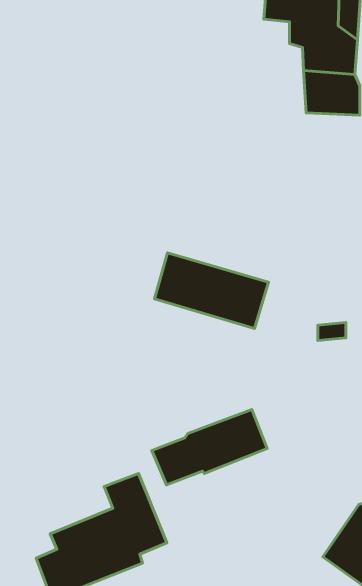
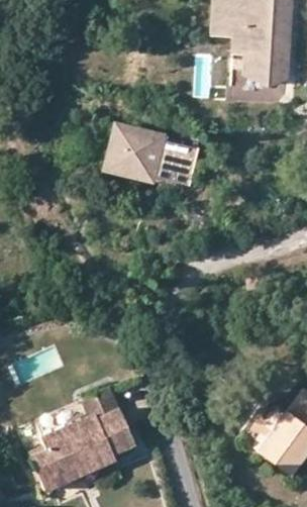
building: [155,253,269,328] -> [109,123,199,183]
building: [152,410,267,485] -> none

